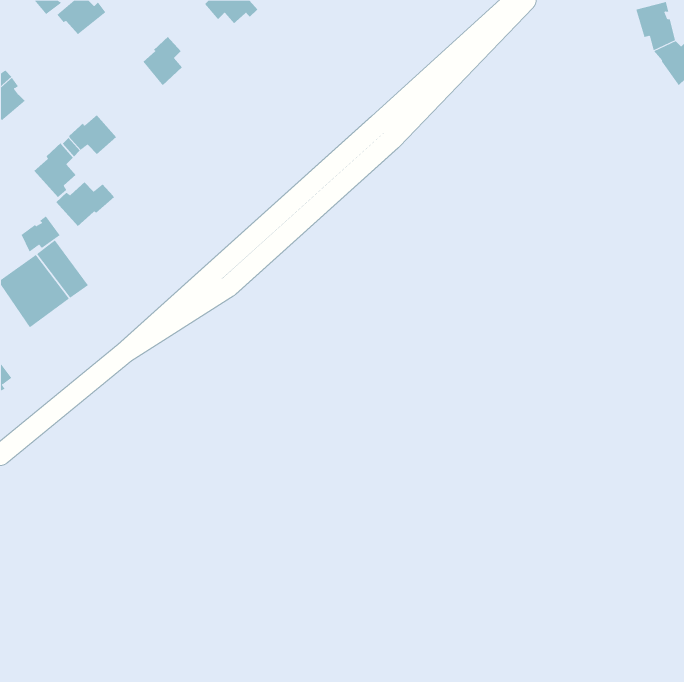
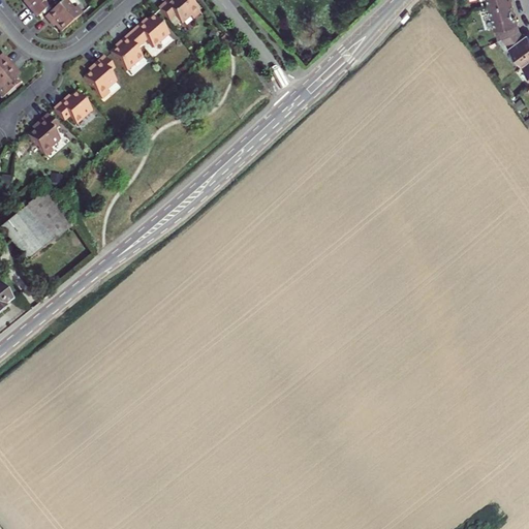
building: none -> [131,14,169,46]
building: none -> [85,56,117,98]
building: [55,181,115,227] -> none
building: [21,216,60,252] -> none

